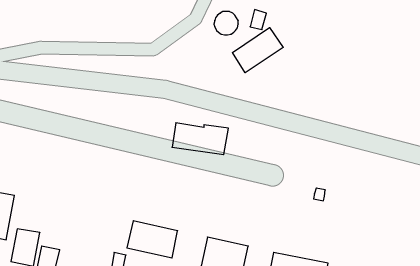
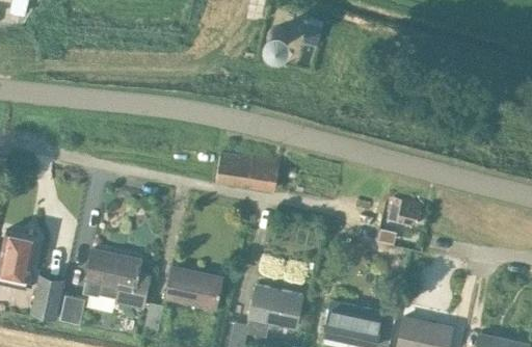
building: [232,28,283,73] -> none
building: none -> [388,199,421,226]
building: none -> [83,249,152,311]

